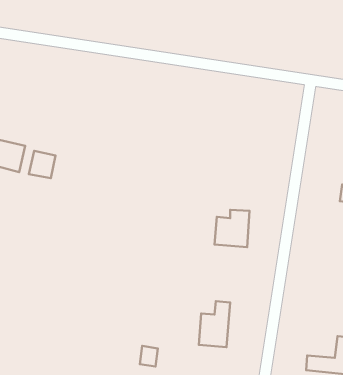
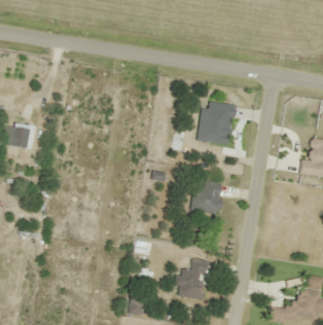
building: none -> [199,103,236,144]
building: [29,151,56,178] -> none

